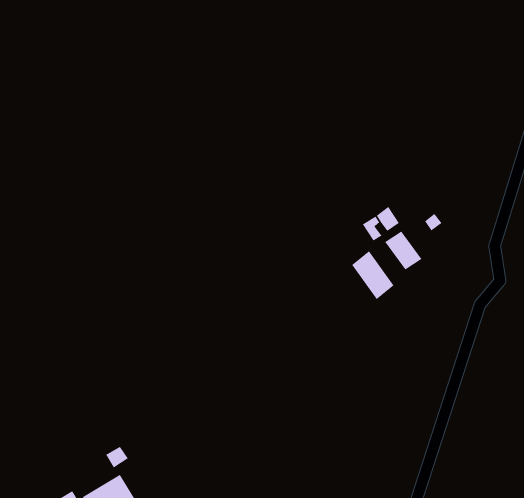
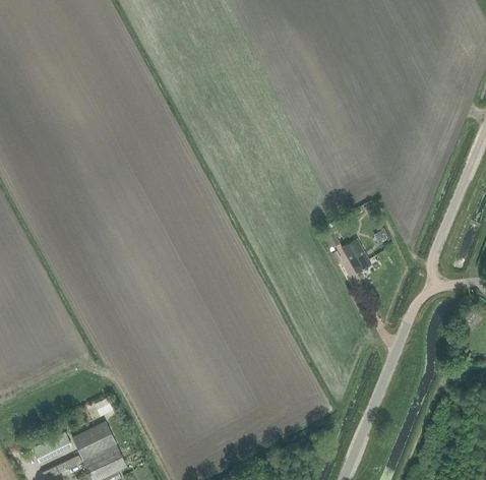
building: [351,250,395,300] -> none

